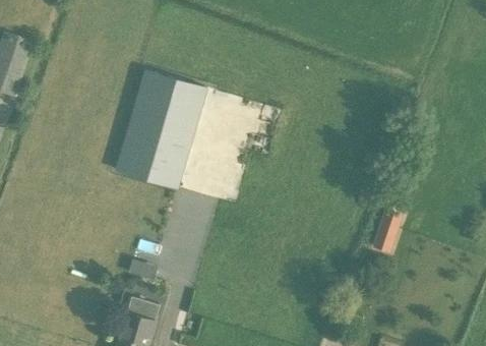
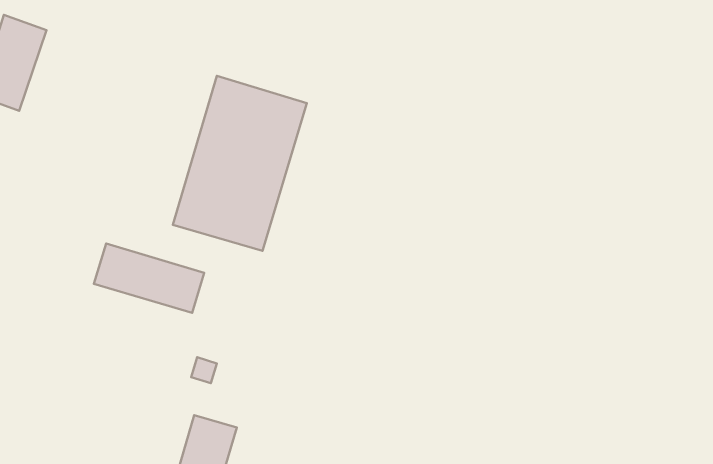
building: none -> [94,244,204,313]
building: [371,210,403,252] -> none

